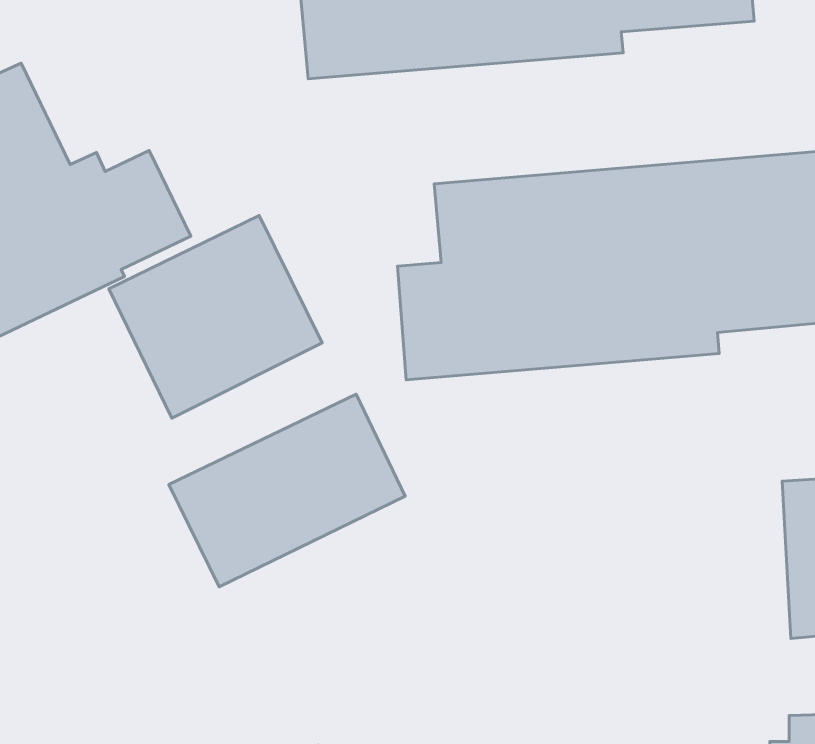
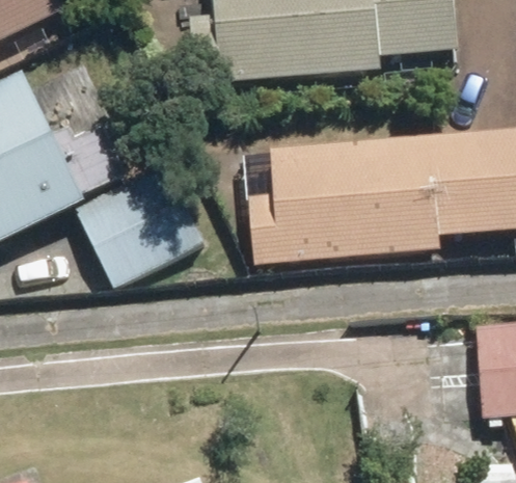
building: [169,394,405,587] -> none

